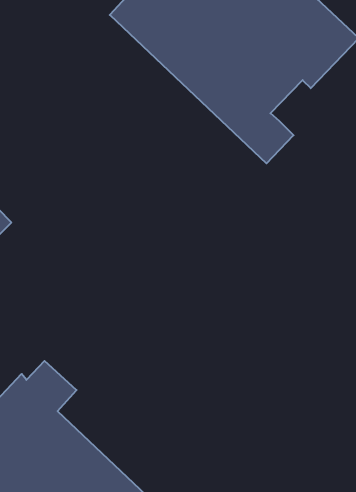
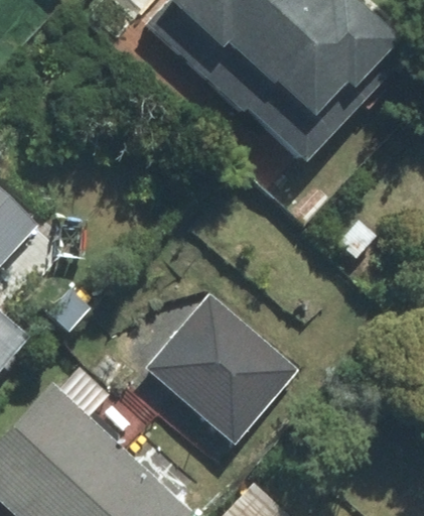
building: none -> [145,292,300,444]

